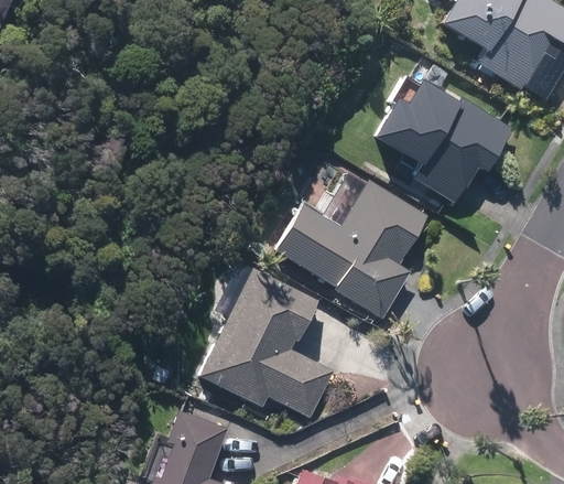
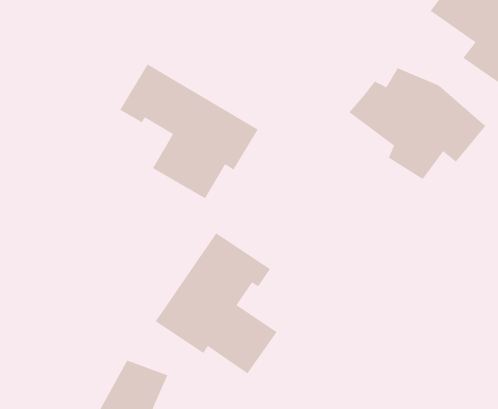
building: none -> [119,64,259,199]
building: [273,192,422,313] -> none

